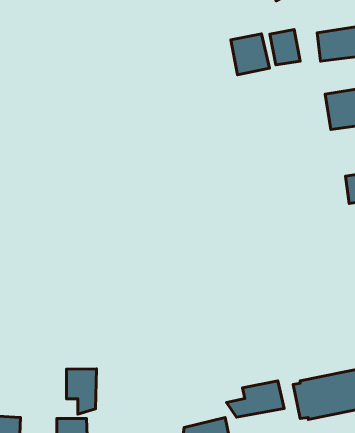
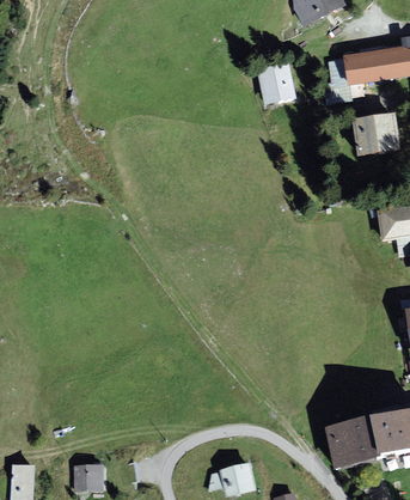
building: [270,30,300,65] -> none
building: [67,369,97,414] -> none
building: [226,381,284,417] -> none

